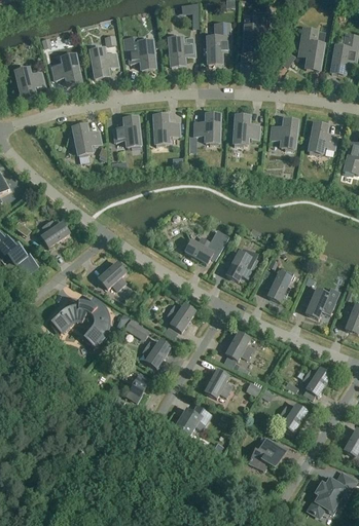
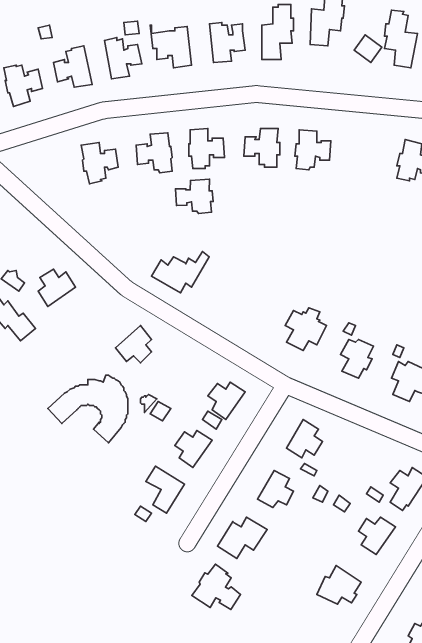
building: [271,118,297,149] -> none
building: none -> [176,179,213,213]
building: [185,232,228,263] -> [151,251,209,293]
building: none -> [192,564,240,610]

